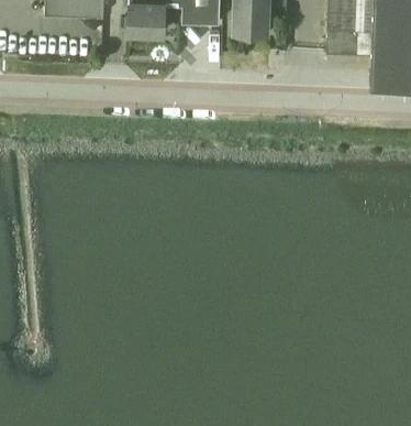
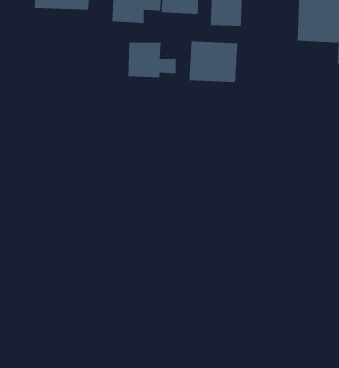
building: none -> [189,41,238,83]
building: none -> [128,42,176,78]

